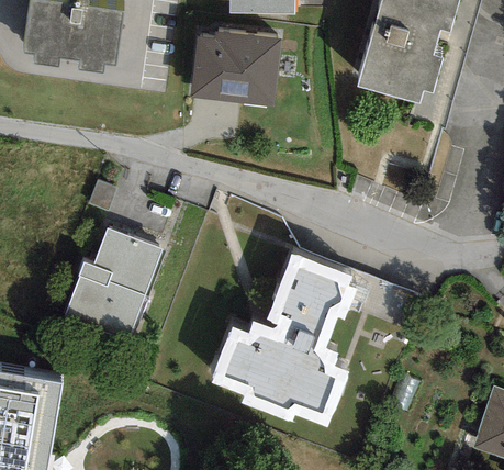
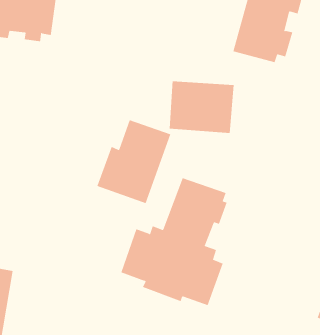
building: [190,32,279,103] -> [169,81,234,134]
building: [63,225,164,339] -> [97,119,171,204]

